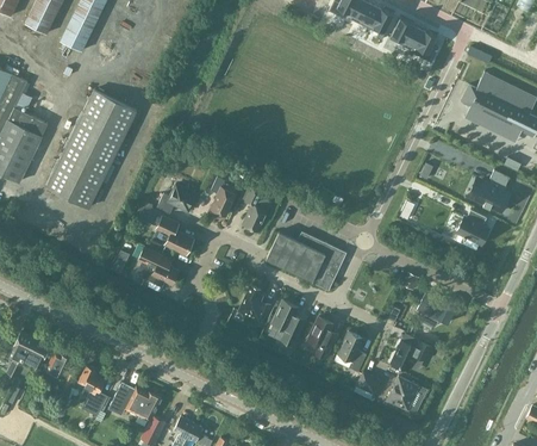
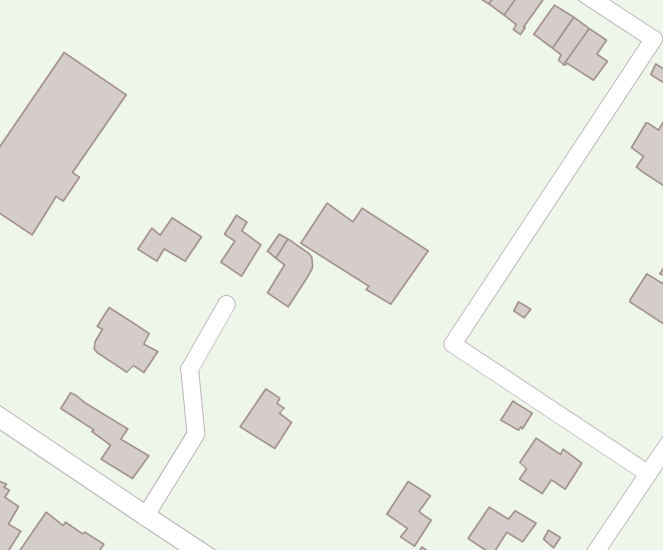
building: [135,205,194,254] -> [61,393,149,478]
building: [456,210,488,244] -> none
building: [266,231,346,290] -> [301,203,428,304]
building: [271,301,305,346] -> none
building: [307,317,337,359] -> none

